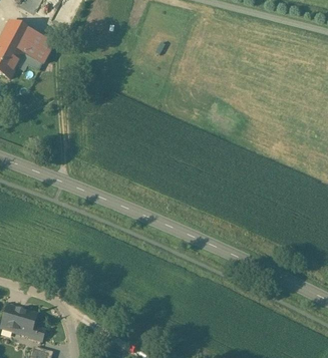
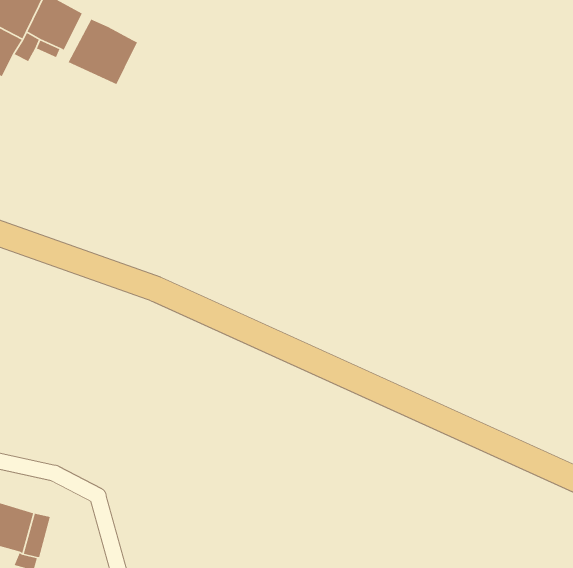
building: none -> [68,18,138,85]

